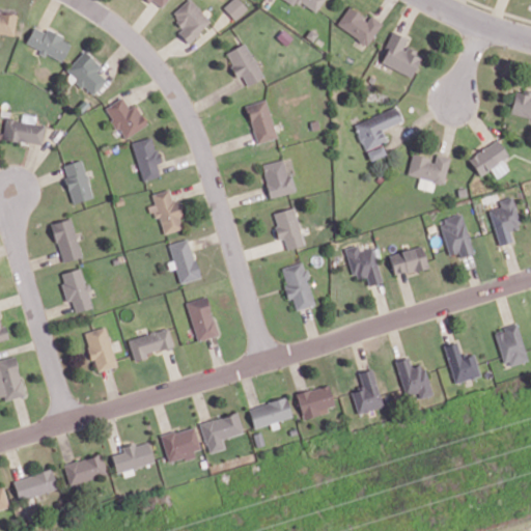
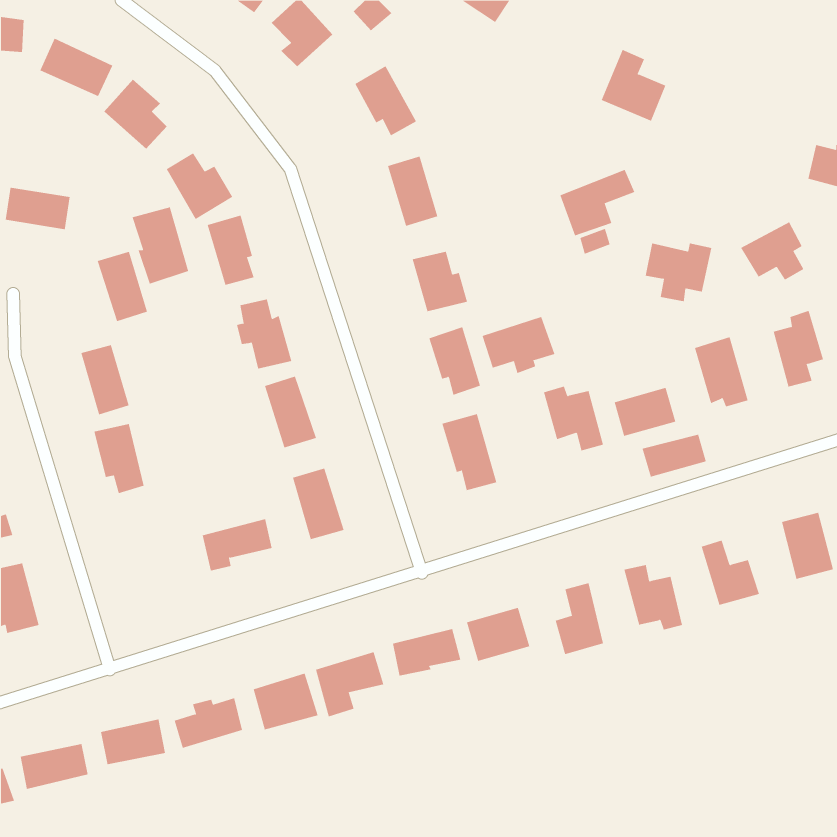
building: [337,7,384,46] -> none
building: none -> [132,206,189,284]
building: none -> [482,316,555,374]
building: none -> [642,434,707,477]
building: [85,327,117,373] -> none

